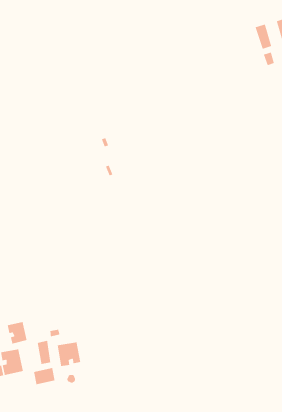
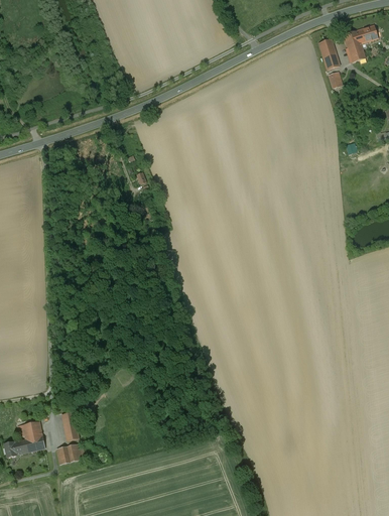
building: [7,321,27,344] -> none
building: [57,342,81,367] -> none

